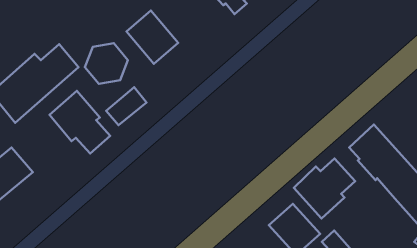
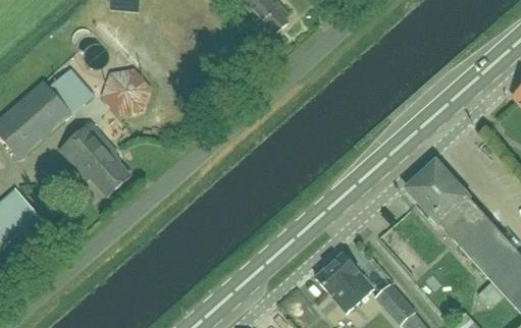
building: [127,10,178,64] -> none
building: [106,87,147,125] -> none
building: [294,159,355,218] -> none

